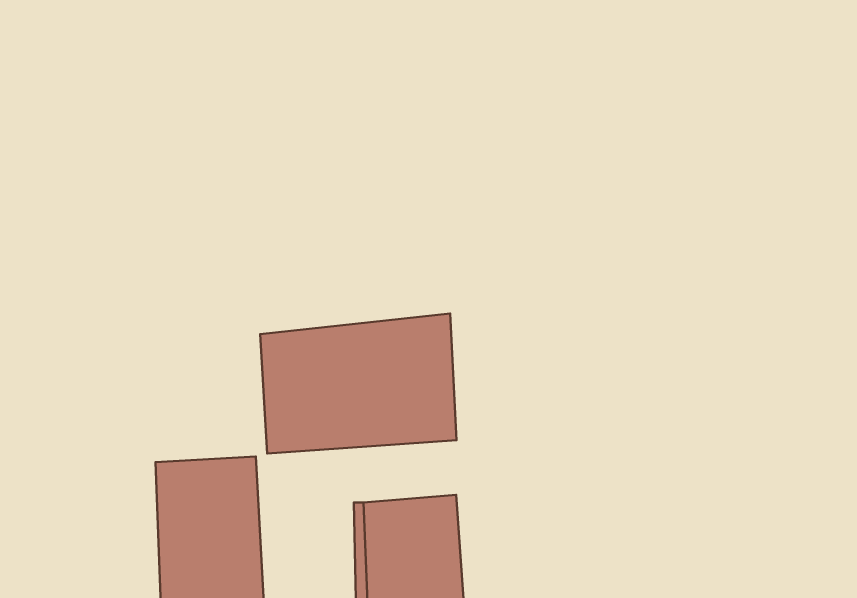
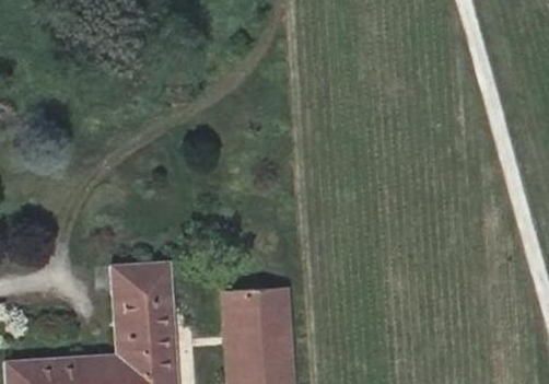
building: [260,314,456,453] -> none

